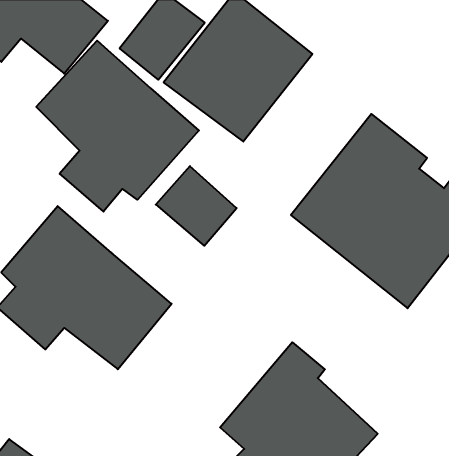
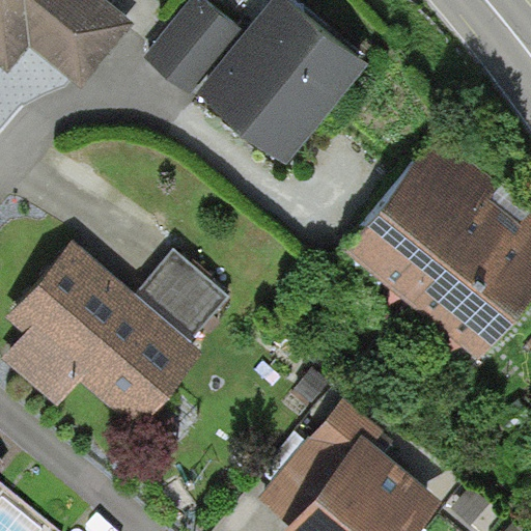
building: [36,41,199,212] -> none
building: [156,166,237,246] -> [135,249,228,341]

